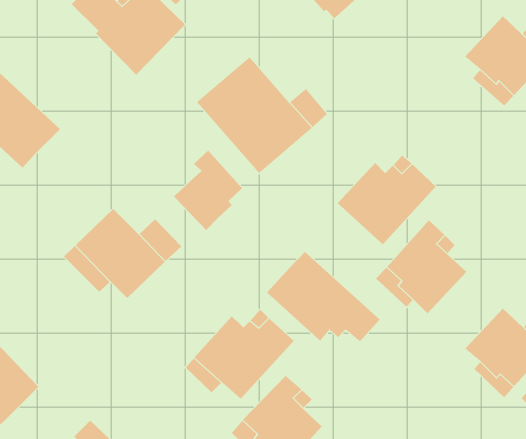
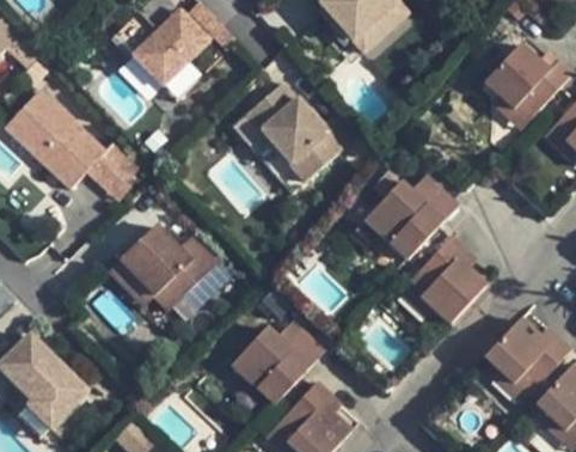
building: none -> [84,143,142,201]
building: [173,150,243,231] -> none
building: [266,251,381,342] -> none

